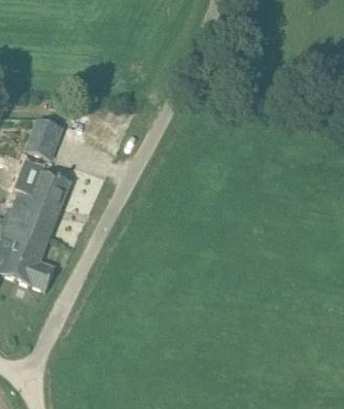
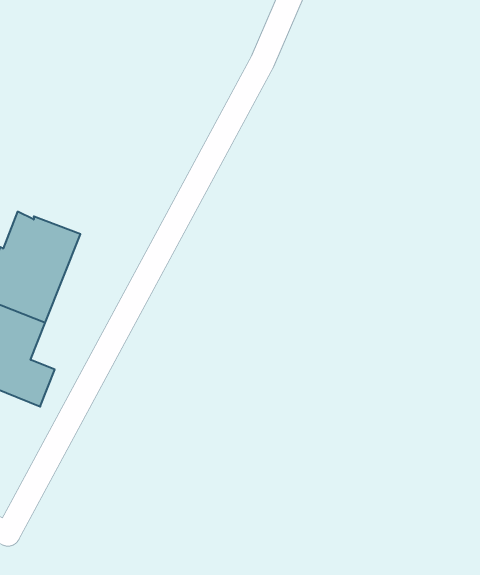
building: [27,121,62,159] -> none

